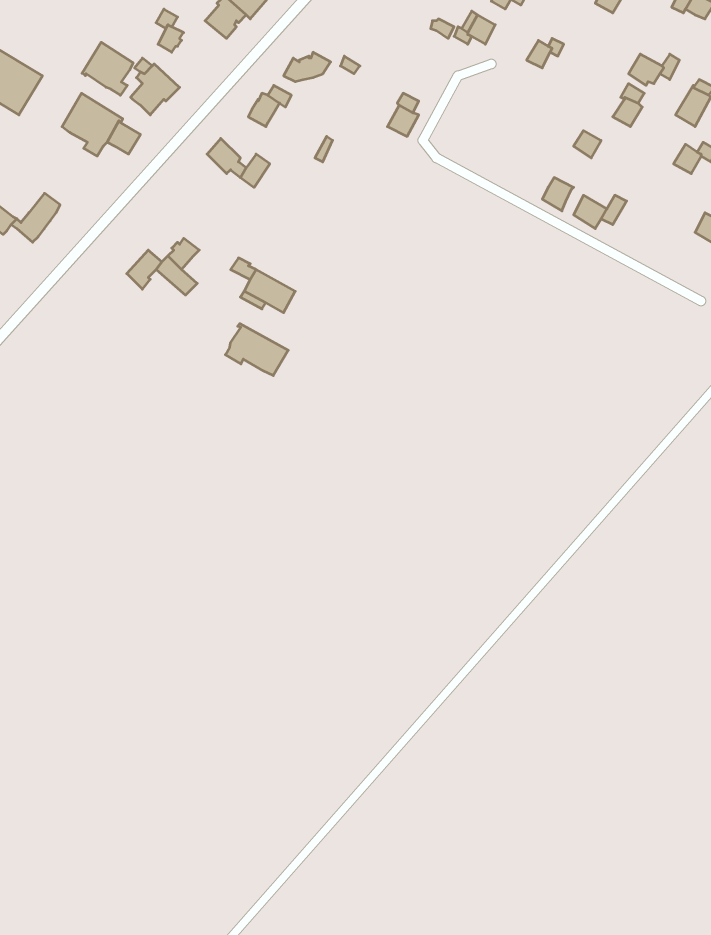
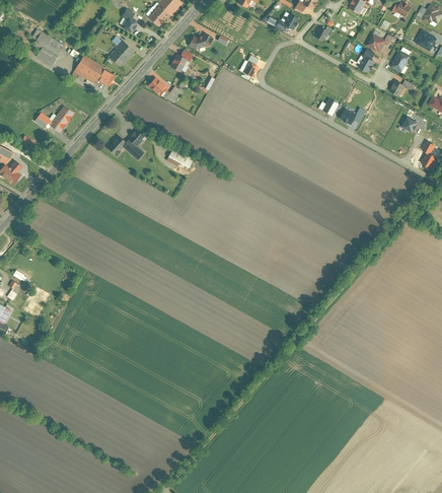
building: [82,42,133,95] -> none
building: [225,324,288,376] -> none

